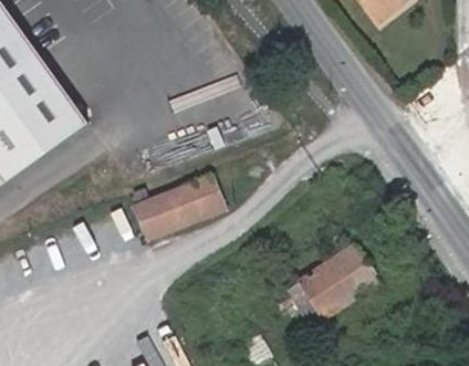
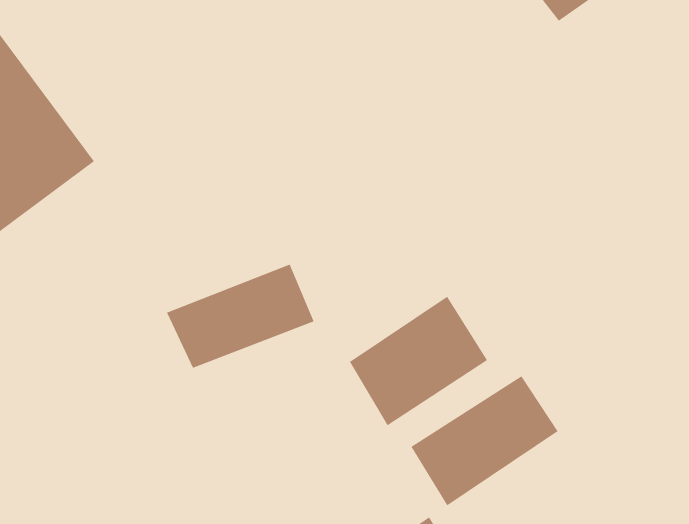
building: none -> [349,296,488,426]

